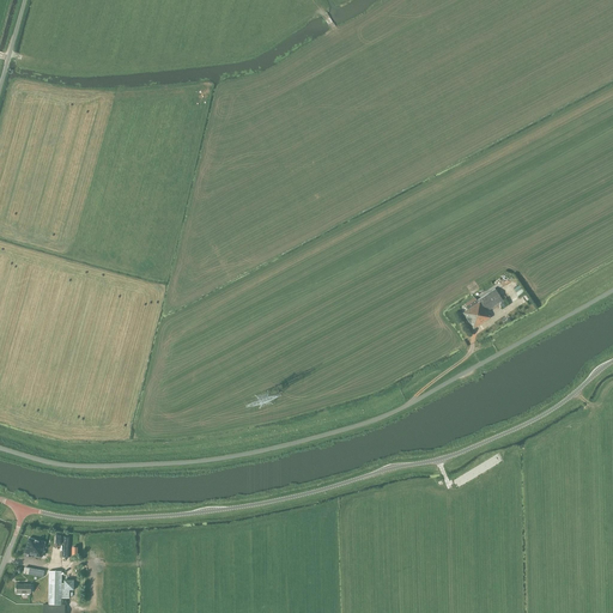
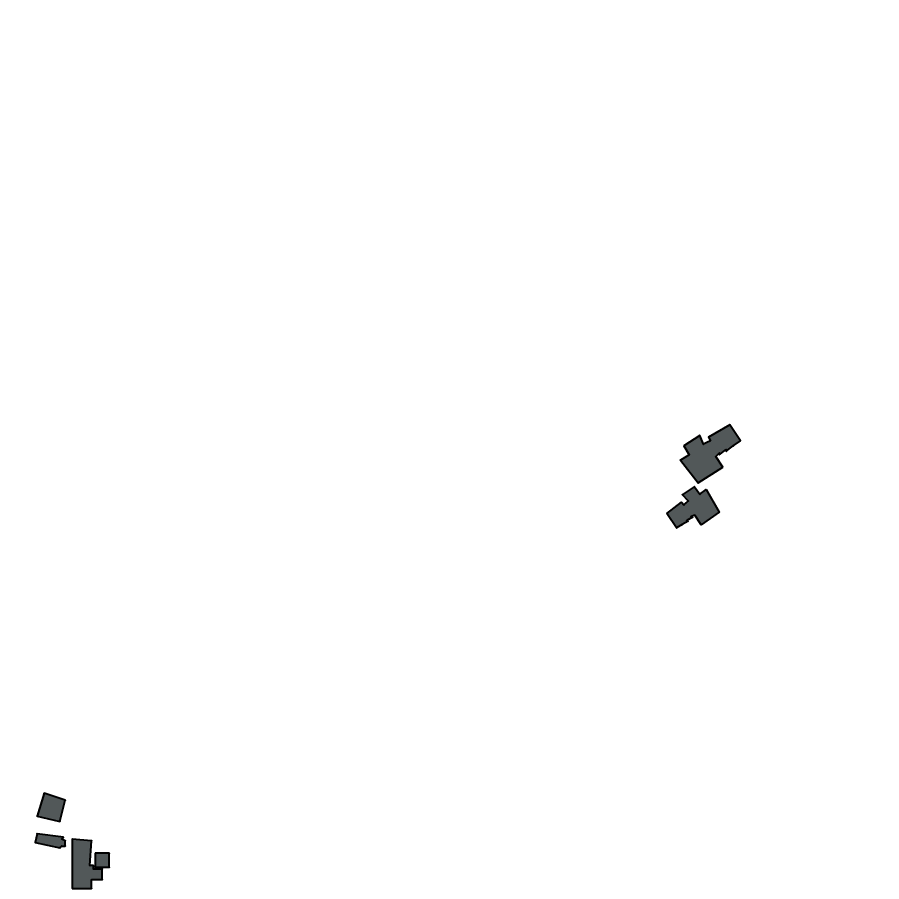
building: none -> [667,487,719,528]

